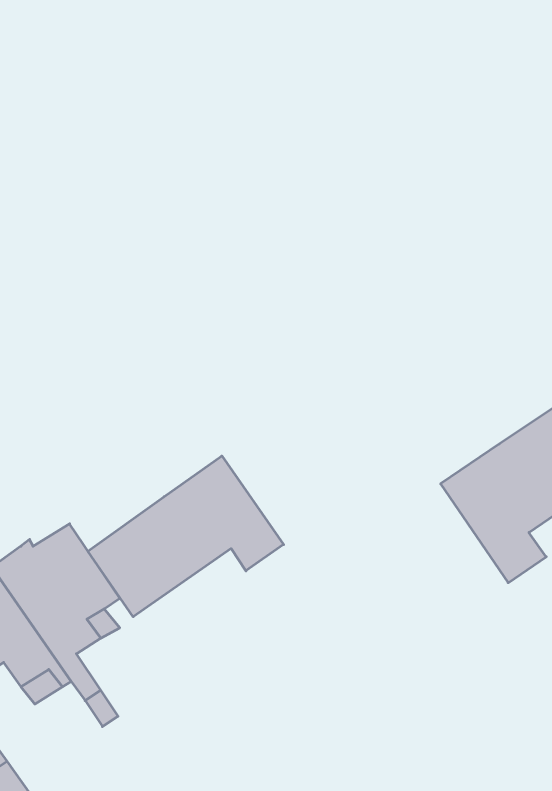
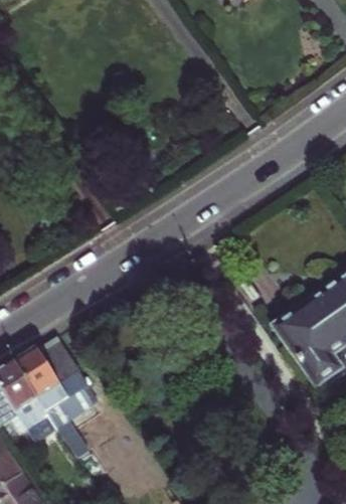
building: [88,456,284,617] -> none

